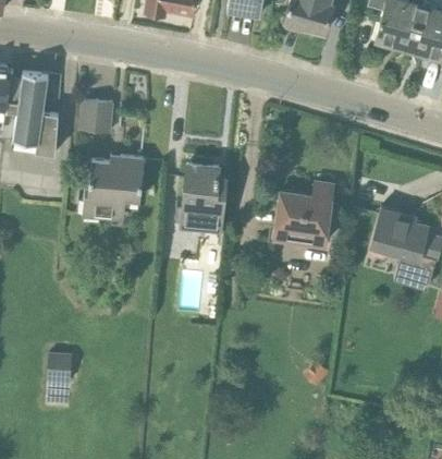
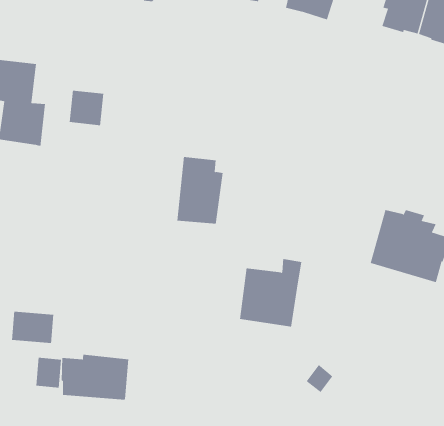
building: [83,156,145,221] -> none
building: [274,181,334,246] -> [239,259,302,327]
building: none -> [12,311,54,344]
building: none -> [61,354,129,400]

